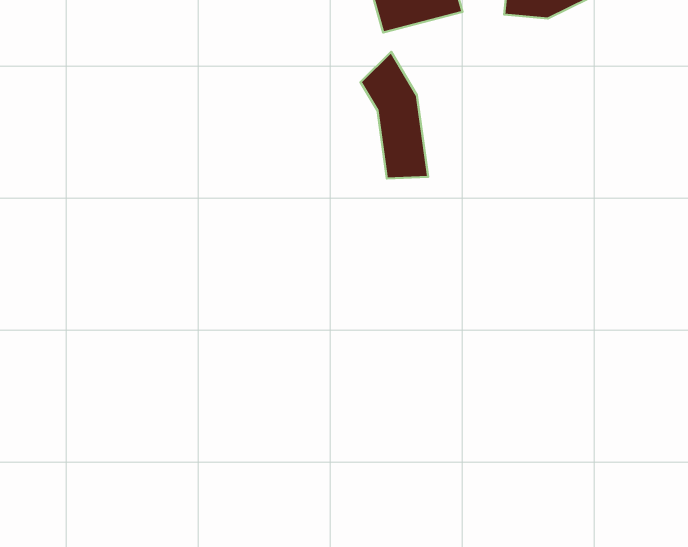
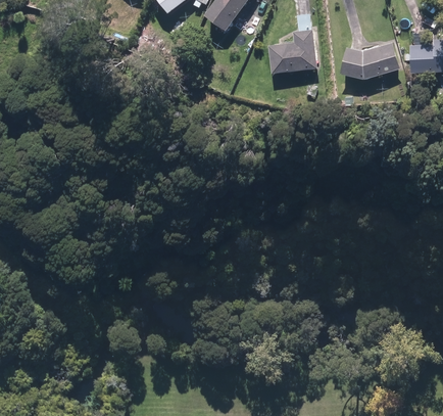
building: [361,52,428,178] -> none

